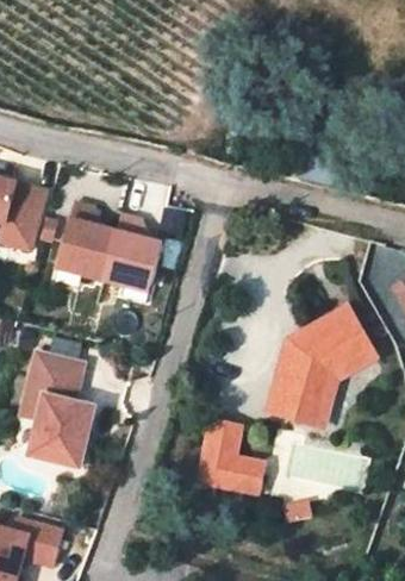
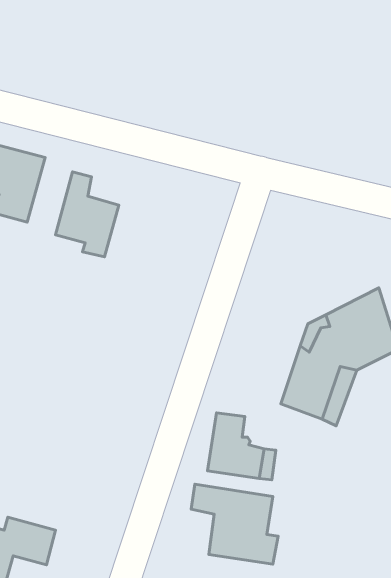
building: [99,214,161,286] -> none
building: [14,349,87,464] -> none
building: none -> [191,484,278,564]

